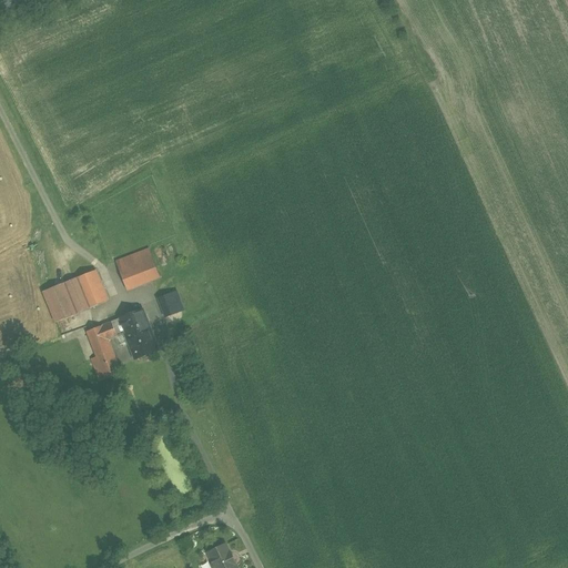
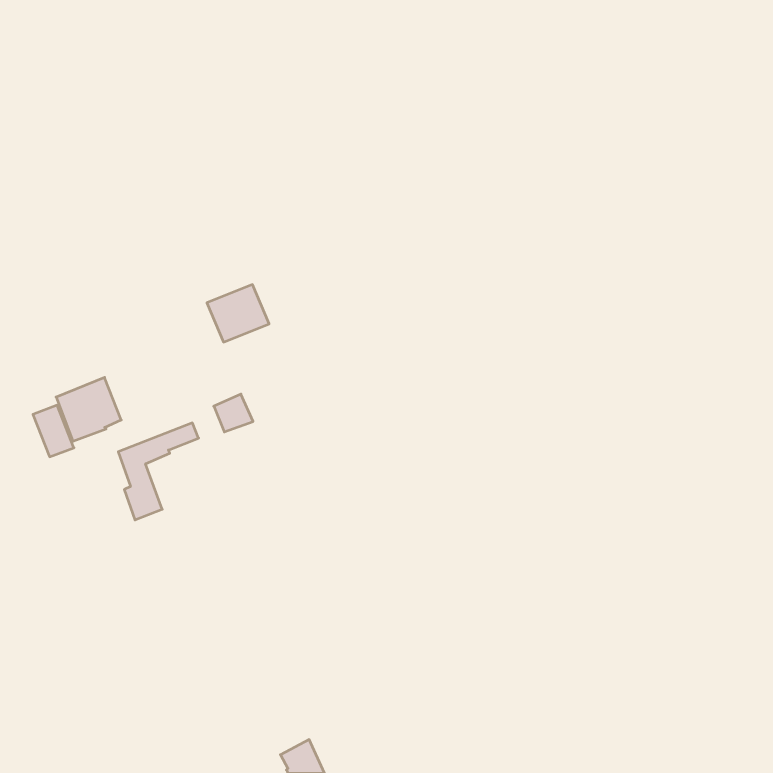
building: [114,247,160,290] -> [207,285,269,342]
building: [77,270,106,307] -> [33,405,74,457]
building: [123,321,156,358] -> none

